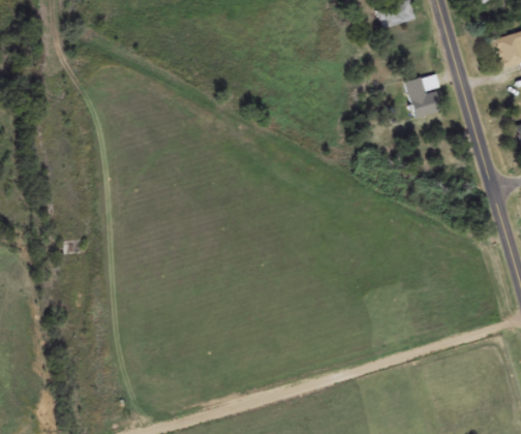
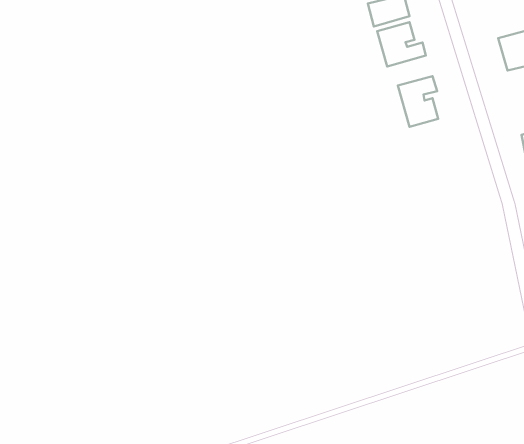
building: none -> [377,22,426,66]

